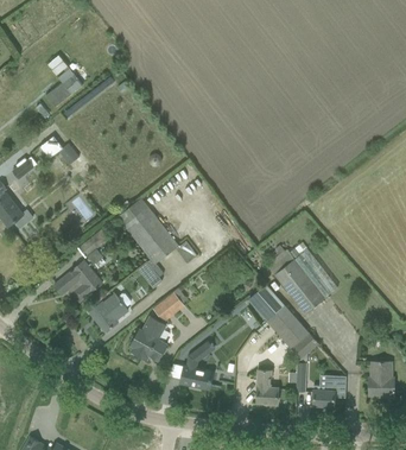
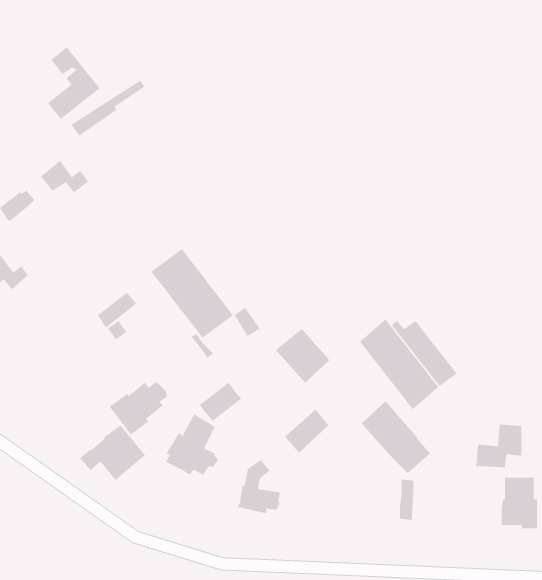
building: [53,261,102,302] -> [79,424,147,481]
building: [247,284,286,323] -> [275,328,330,383]
building: [256,369,278,406] -> none
building: [312,375,345,406] -> [476,424,522,468]

